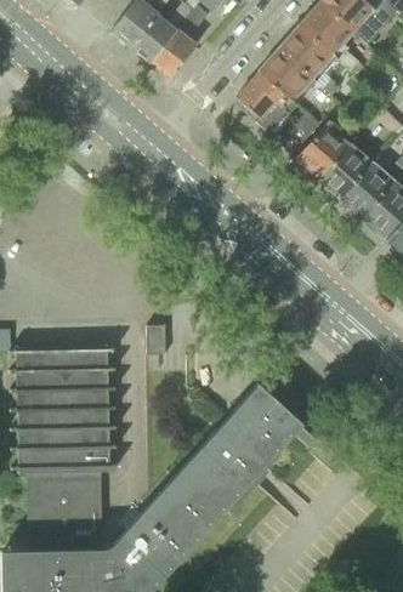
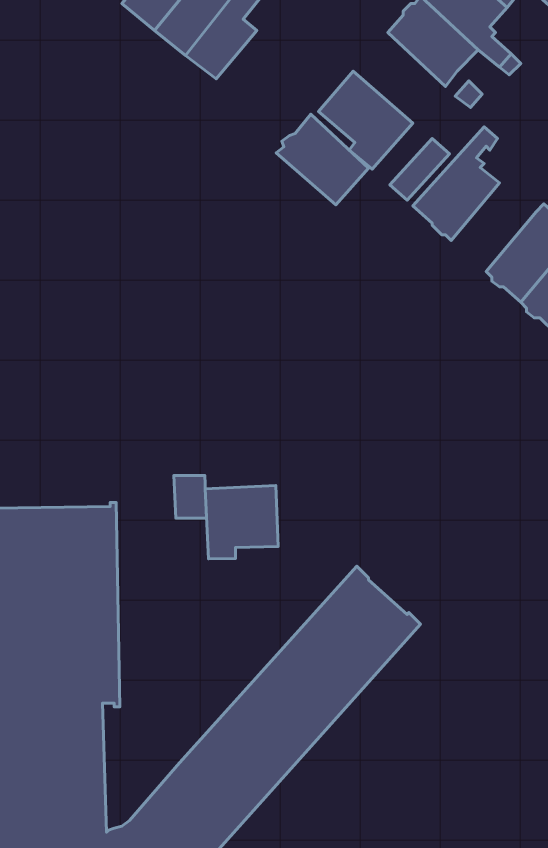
building: [257,49,316,106] -> [276,114,369,205]
building: [319,137,373,199] -> none
building: none -> [205,486,278,559]

